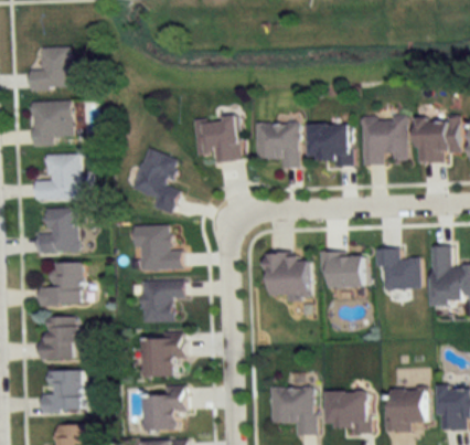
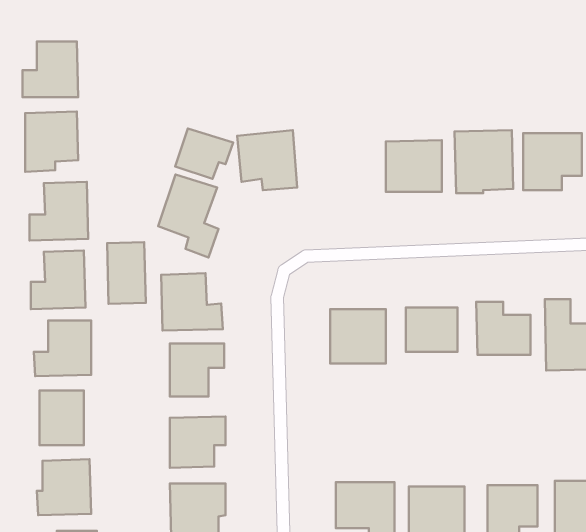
building: none -> [175,129,233,179]
building: [256,123,299,167] -> none
building: none -> [107,242,146,304]

